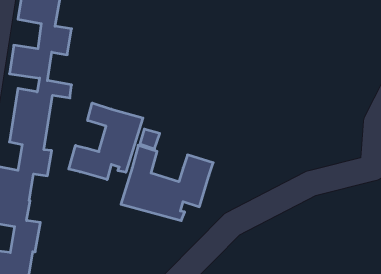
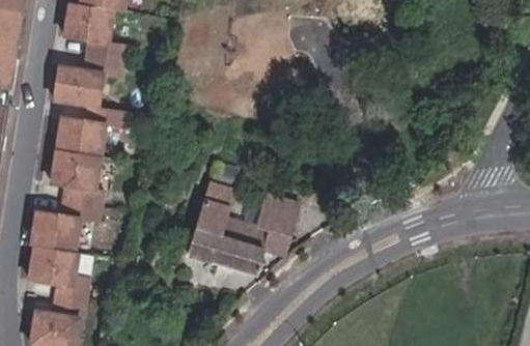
building: [69,103,143,180] -> none

